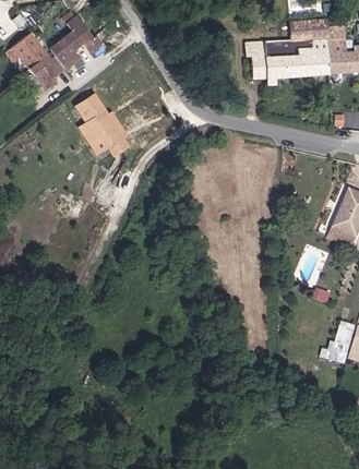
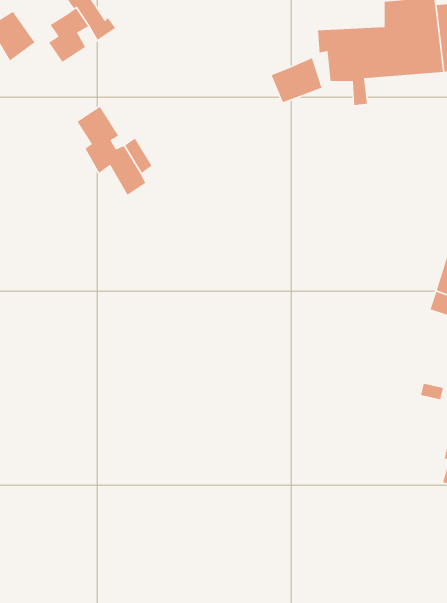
building: [34,56,70,91] -> none
building: none -> [270,57,323,103]

